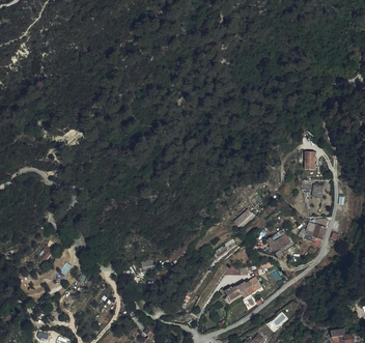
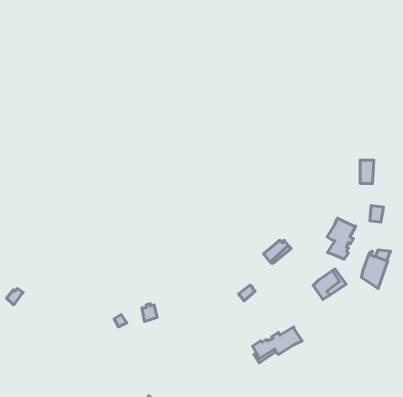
building: none -> [327,218,356,259]

